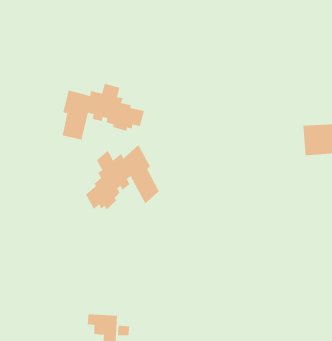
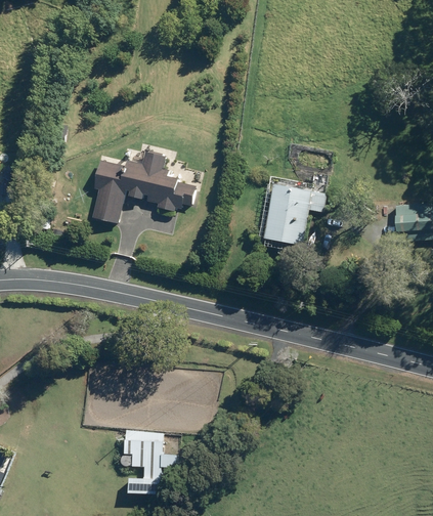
building: none -> [264,183,328,245]
building: [85,144,160,210] -> none

